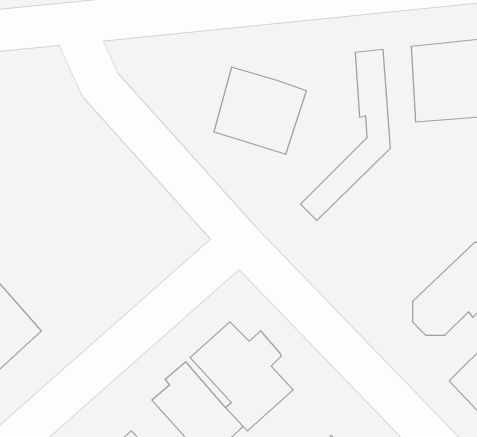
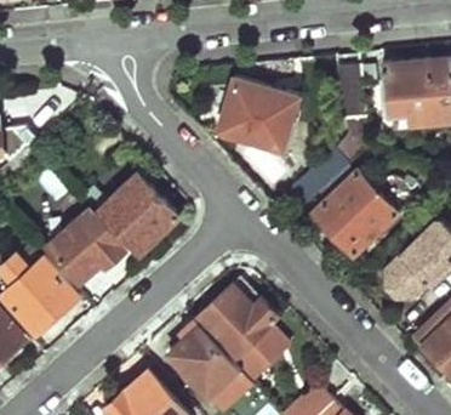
building: none -> [99,174,177,250]
building: none -> [310,174,393,255]
building: none -> [50,211,124,280]

